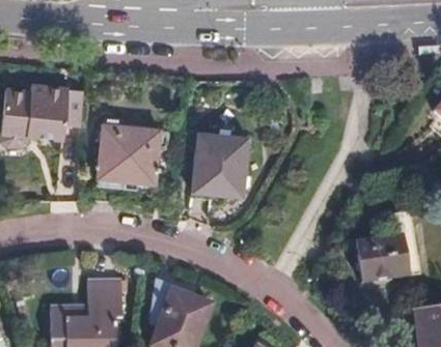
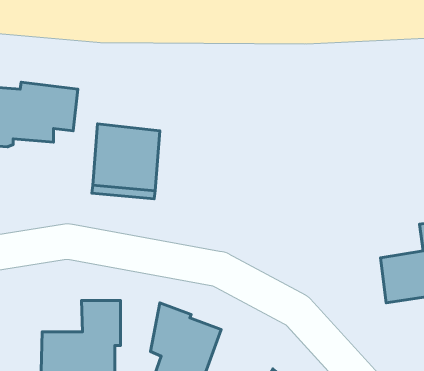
building: [192,133,247,196] -> none

